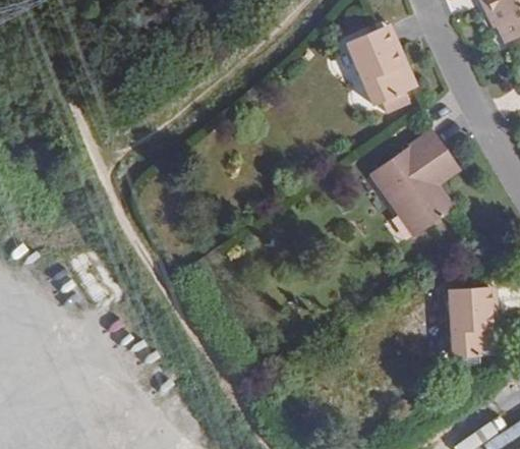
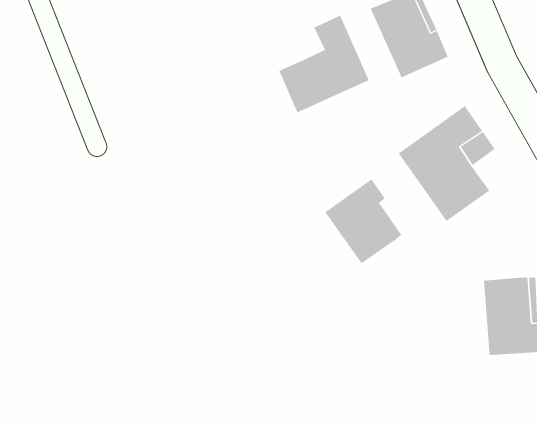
building: none -> [278,15,370,113]
building: none -> [325,178,402,264]

